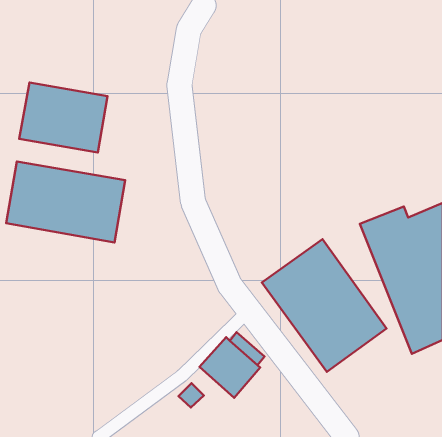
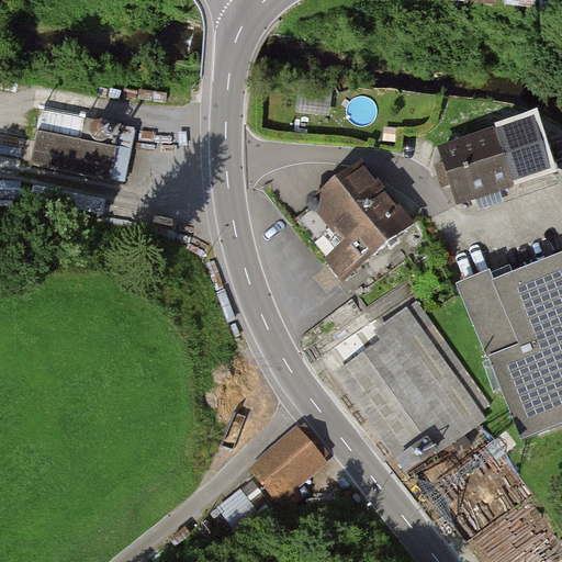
building: none -> [445,117,544,192]
building: none -> [312,159,409,274]
building: [6,162,125,243] -> none

